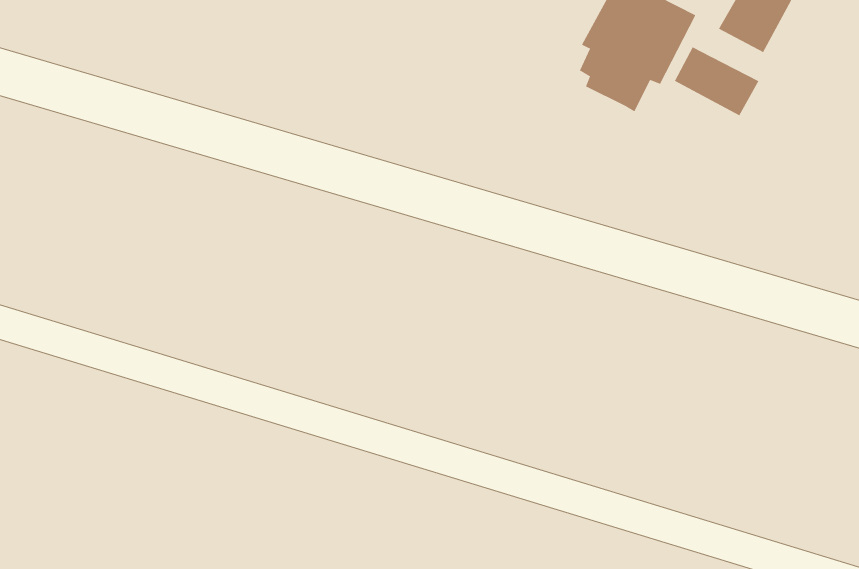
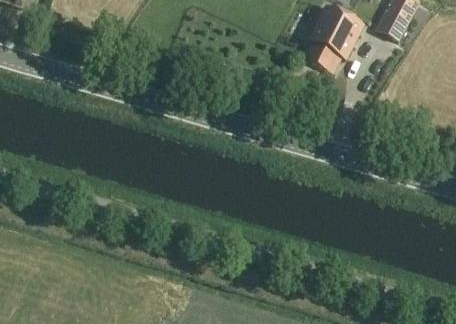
building: [674,46,759,116] -> none

